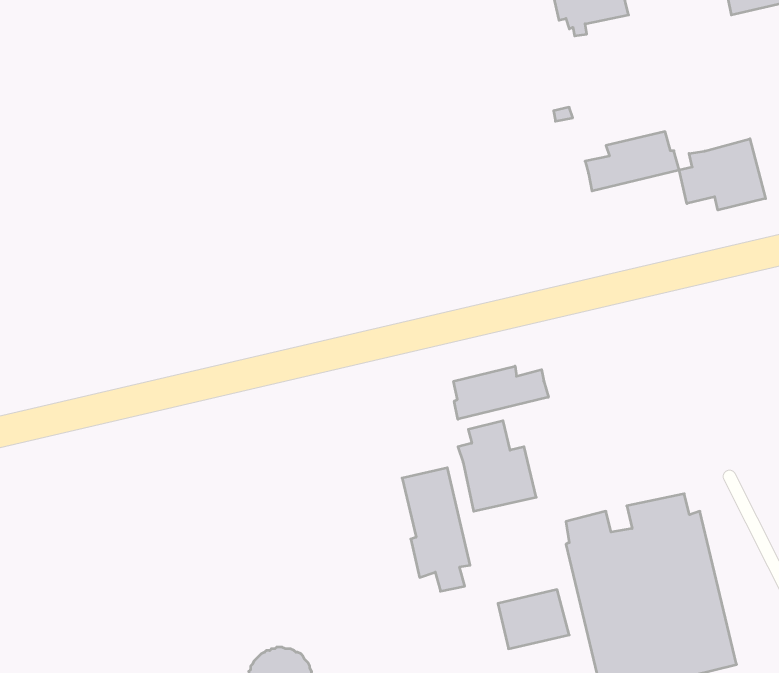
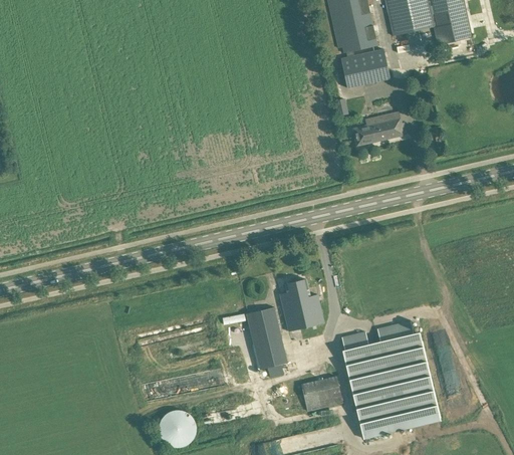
building: none -> [340,48,390,86]
building: [679,139,766,210] -> none
building: [454,366,548,419] -> none

